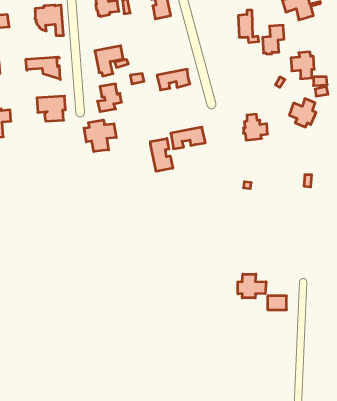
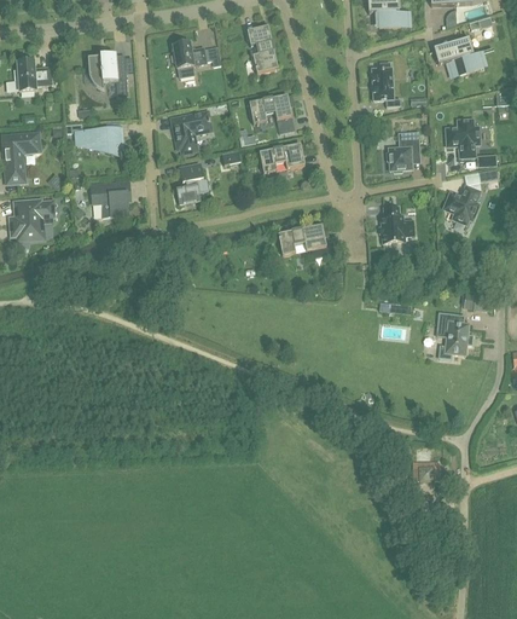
building: [263,25,284,54] -> [389,132,419,172]
building: none -> [249,94,295,133]
building: [84,120,116,152] -> none
building: [150,138,173,171] -> none
building: none -> [437,313,472,358]
building: [238,274,266,298] -> none

